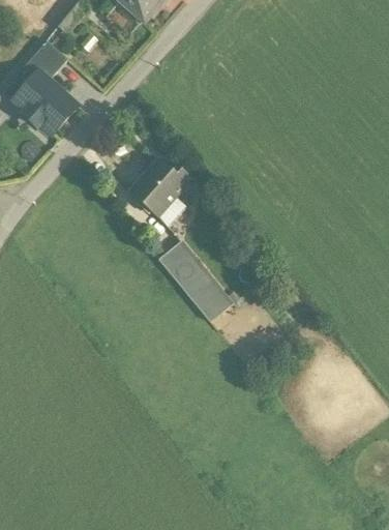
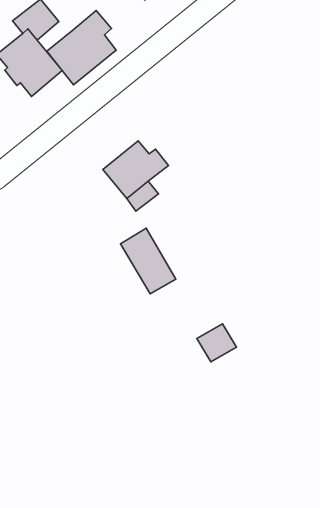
building: none -> [47,10,116,85]
building: [193,284,232,321] -> [197,324,236,362]

